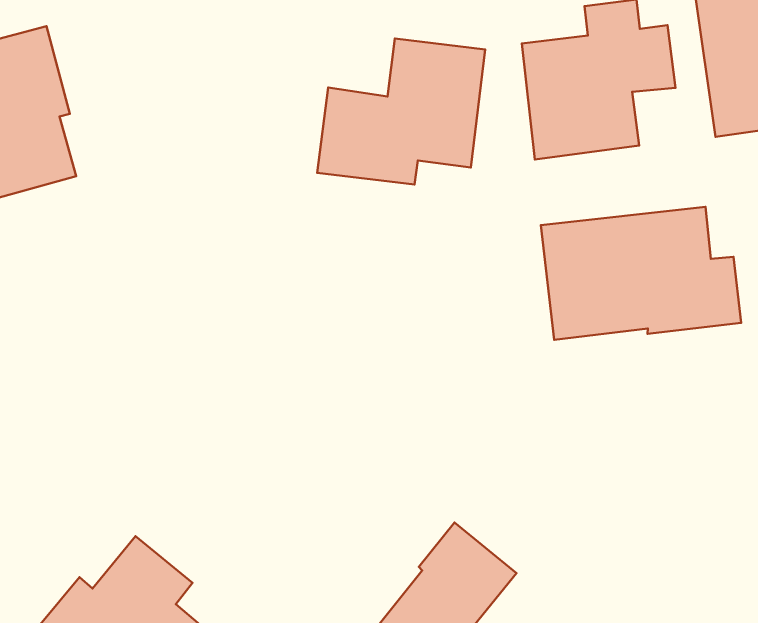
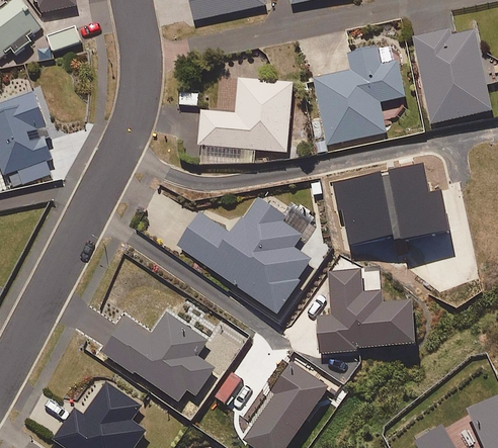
building: none -> [175,195,313,312]
building: none -> [316,268,416,350]
building: none -> [100,310,215,399]

